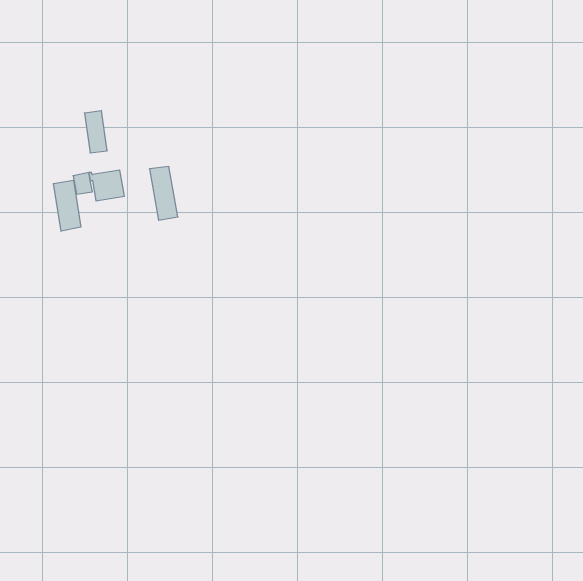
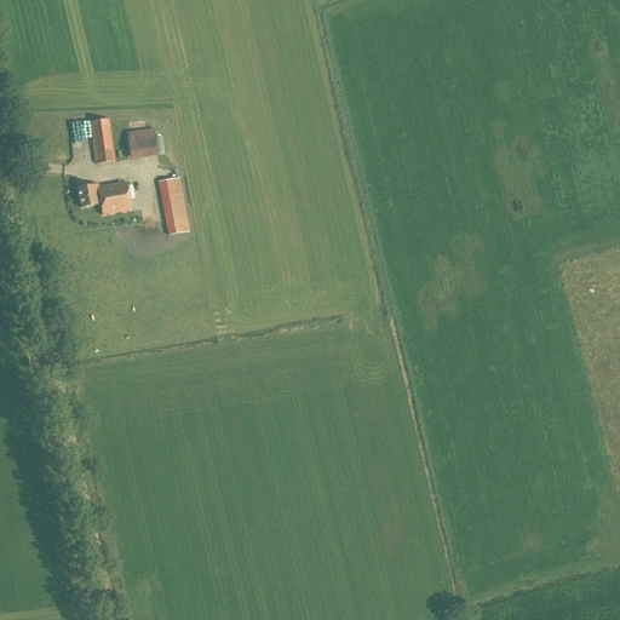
building: none -> [127,127,157,157]
building: [53,180,81,231] -> none

